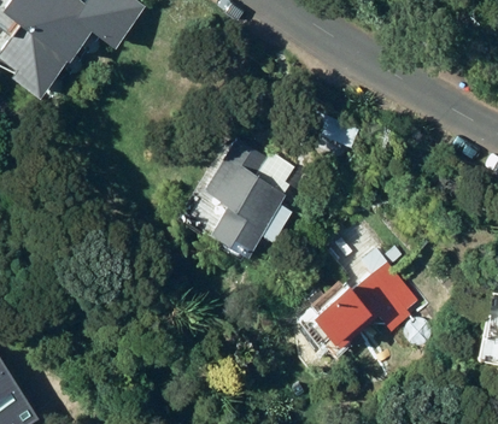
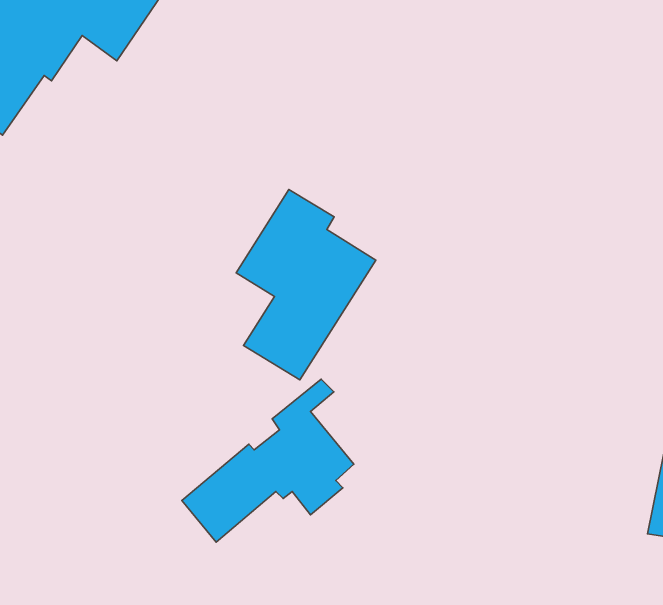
building: [303,243,417,352] -> [182,379,354,542]

